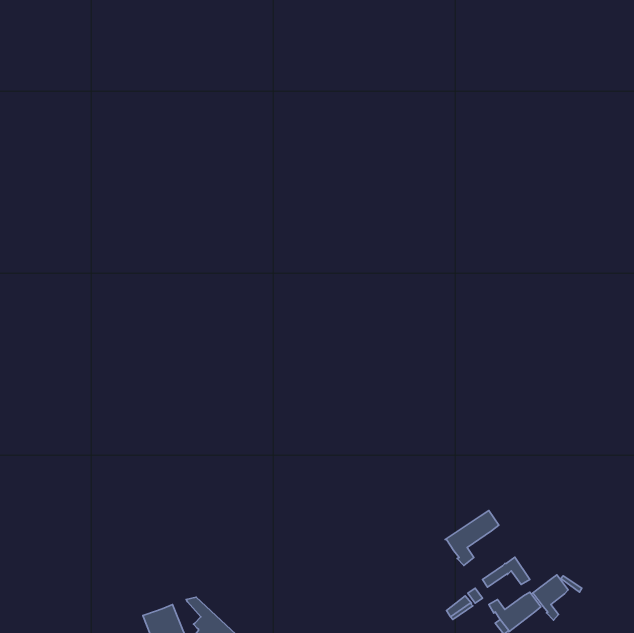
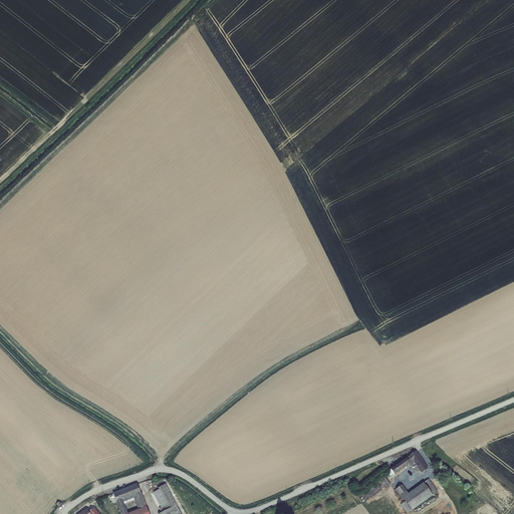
building: [445,511,499,566] -> none
building: [532,575,568,620] -> none

